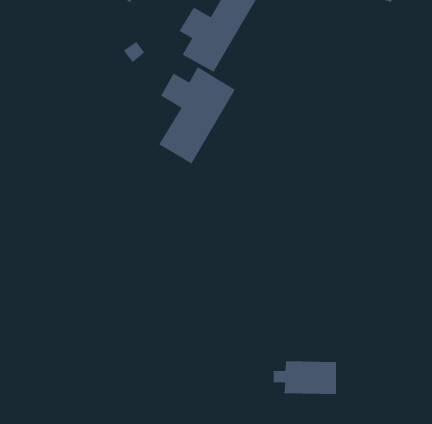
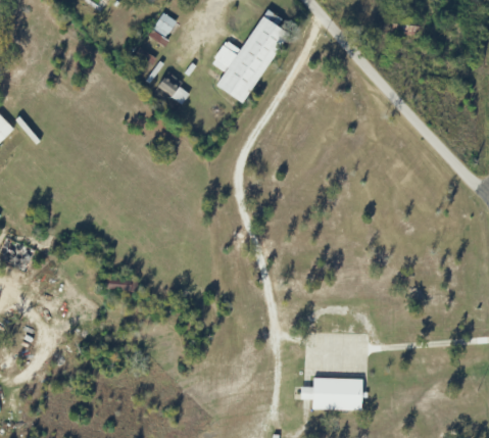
building: [158,66,236,165] -> none

